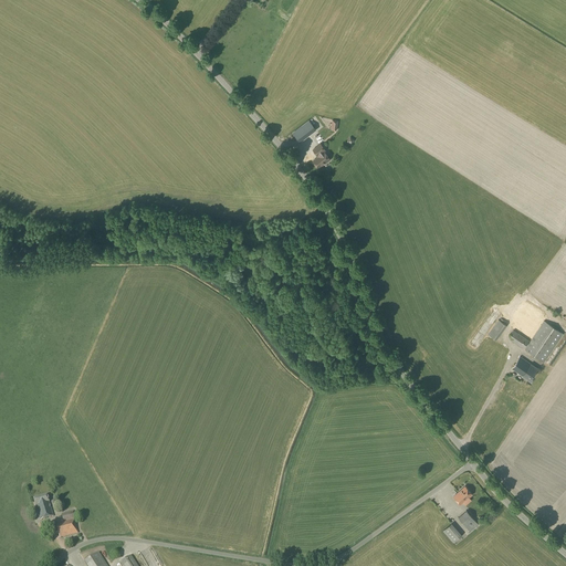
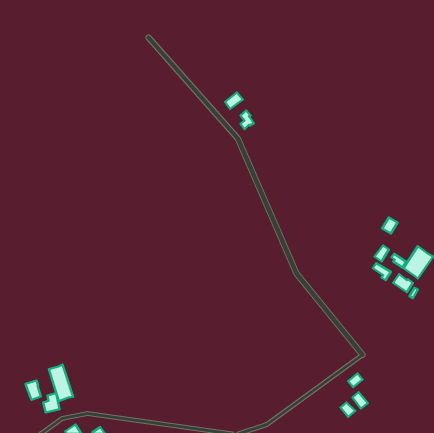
building: none -> [49,365,73,401]

